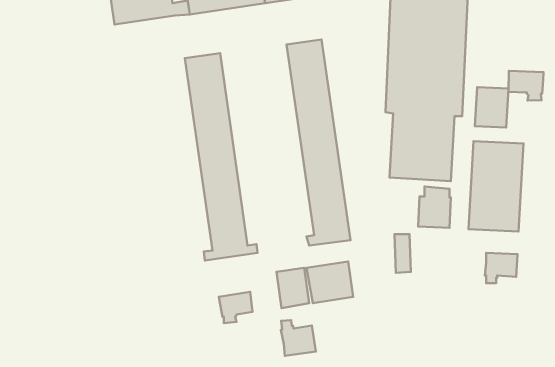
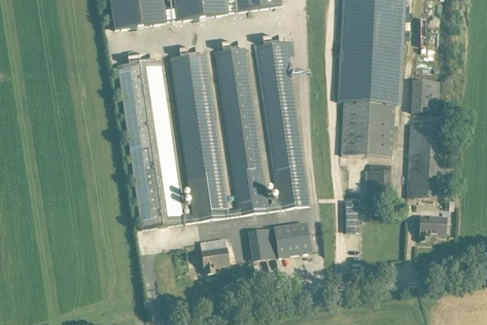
building: none -> [215,45,275,215]
building: none -> [117,58,189,228]
building: [509,71,544,100] -> none
building: [281,320,316,356] -> none

